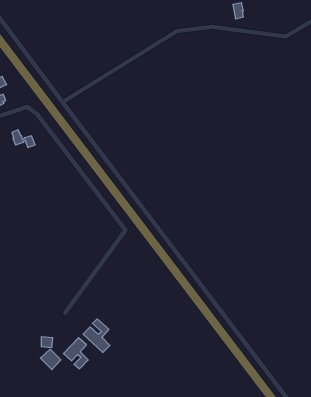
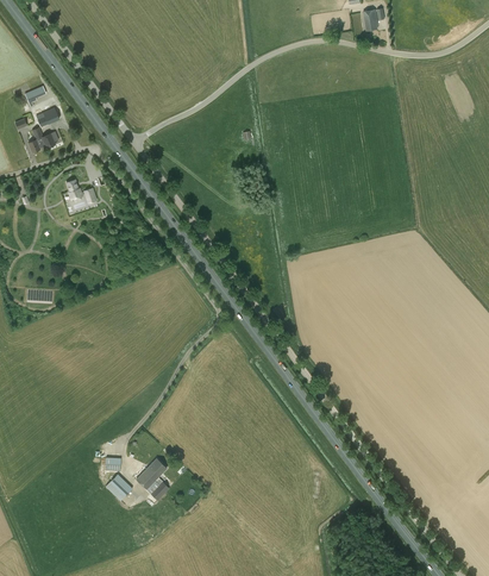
building: [83,319,110,353] -> none

